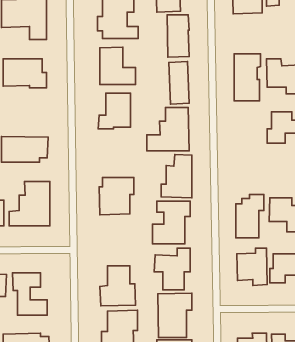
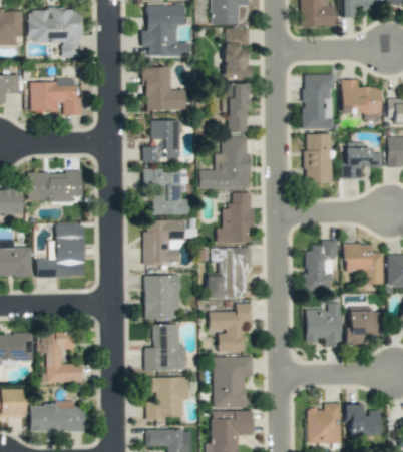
building: none -> [305,133,332,183]
building: none -> [143,168,189,214]
building: none -> [144,275,179,319]

